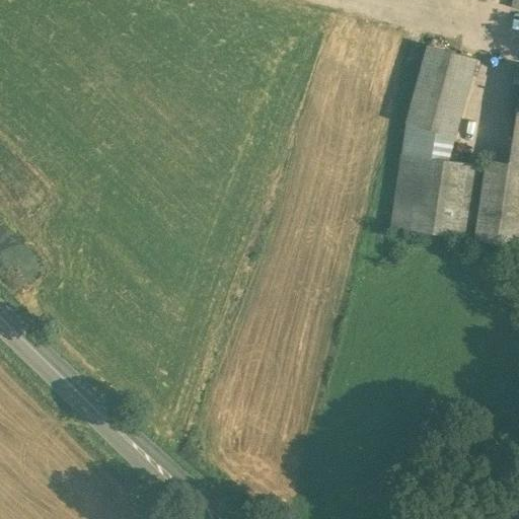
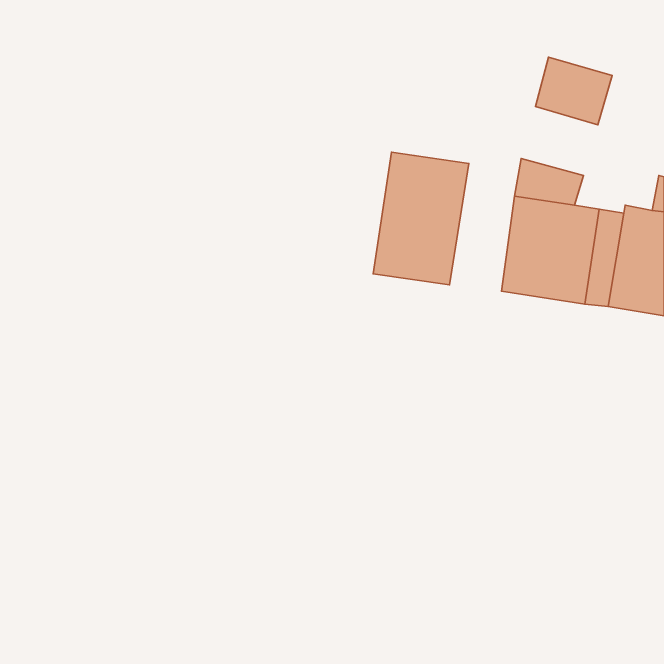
building: [406,83,466,137] -> none
building: none -> [373,152,469,285]

